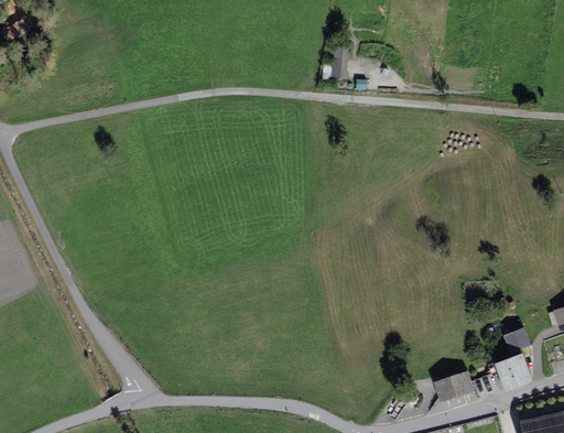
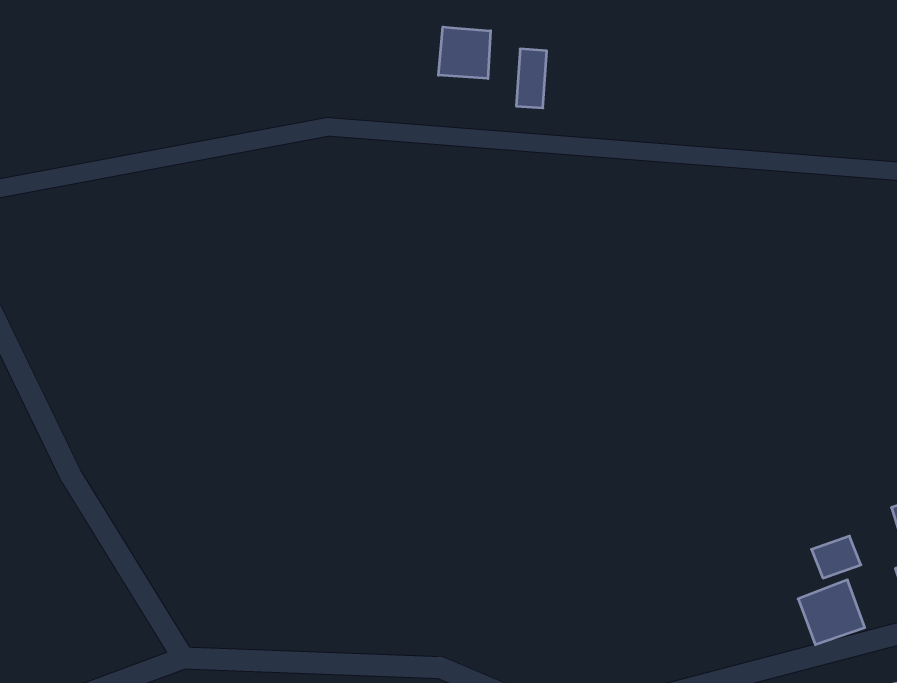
building: none -> [438,27,491,79]
building: [434,369,477,403] -> none

